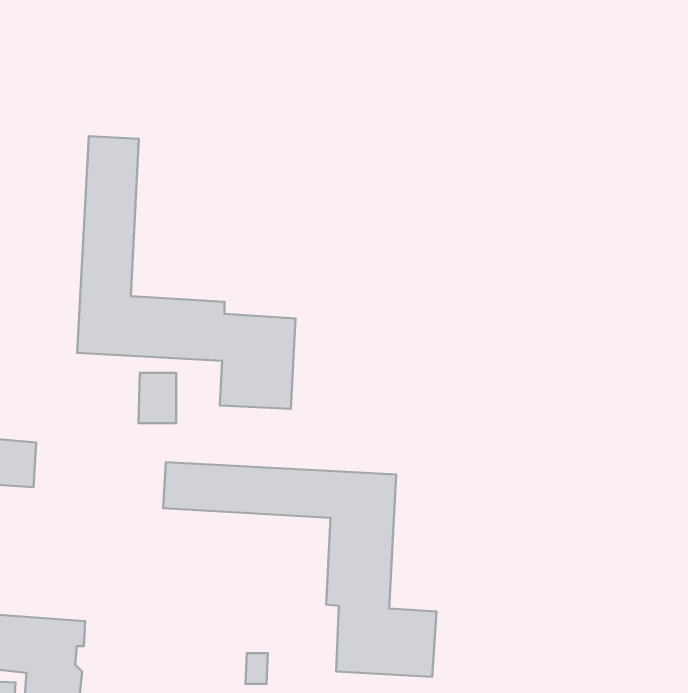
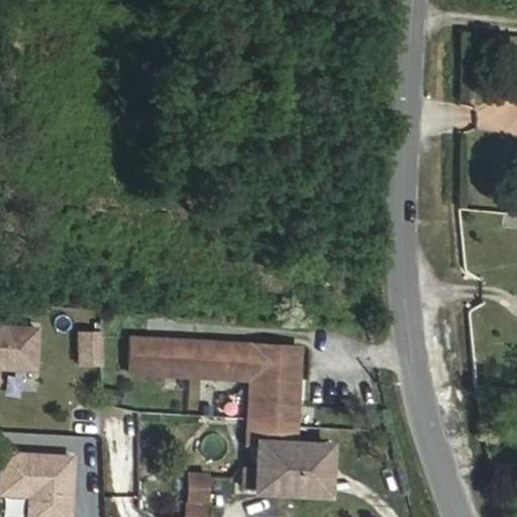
building: [77,136,295,409] -> none
building: [139,373,176,423] -> [75,330,102,367]

